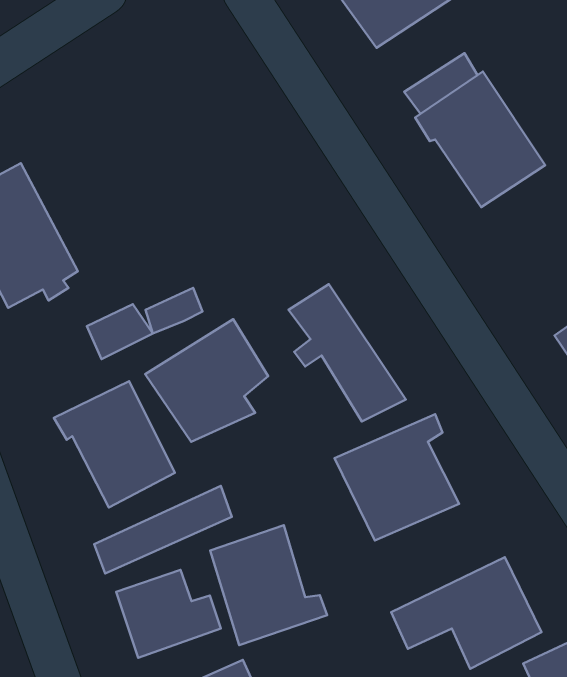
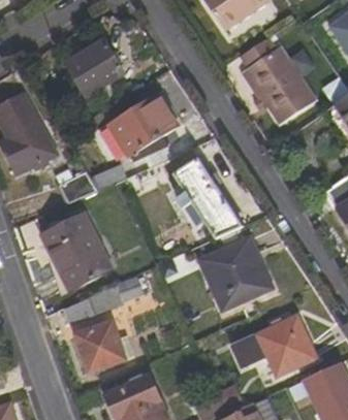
building: none -> [65,40,123,97]
building: [145,319,268,442] -> [106,94,176,163]
building: [210,525,327,645] -> none

